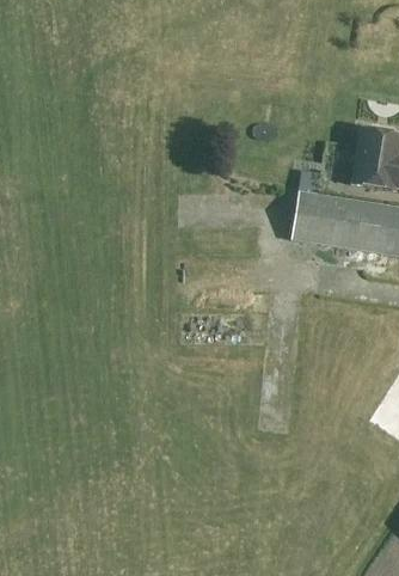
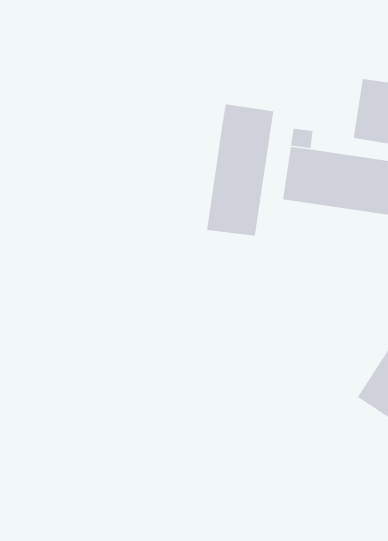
building: none -> [206,104,274,237]

